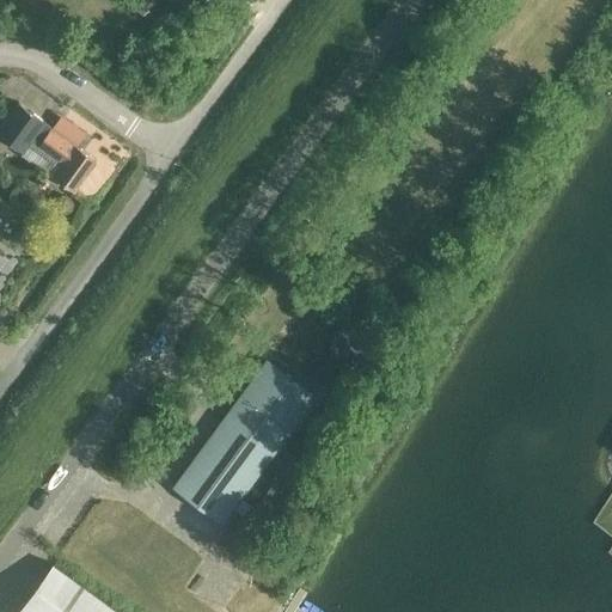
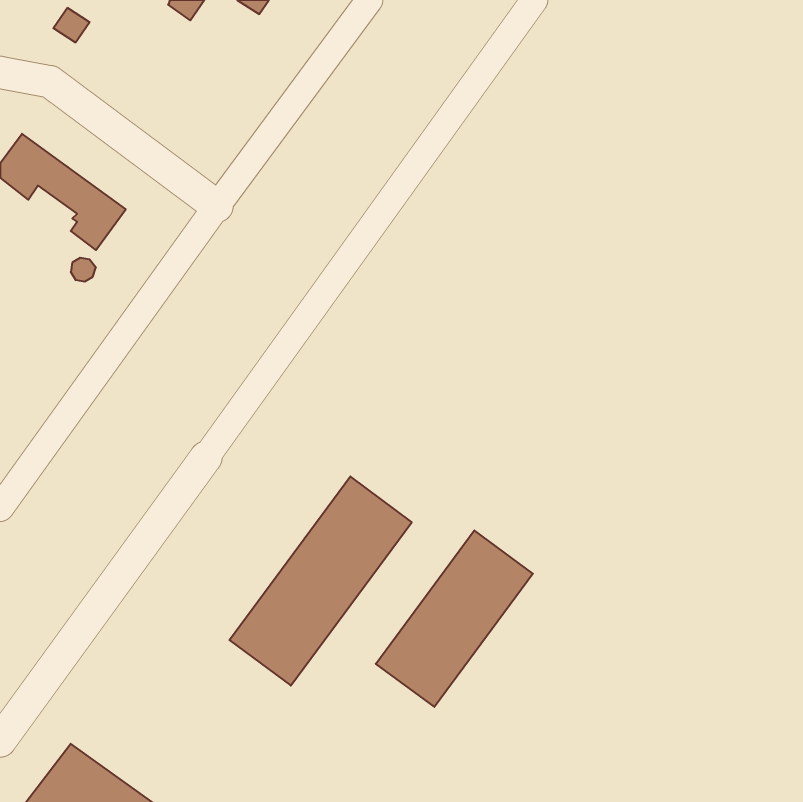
building: none -> [376,530,533,707]

